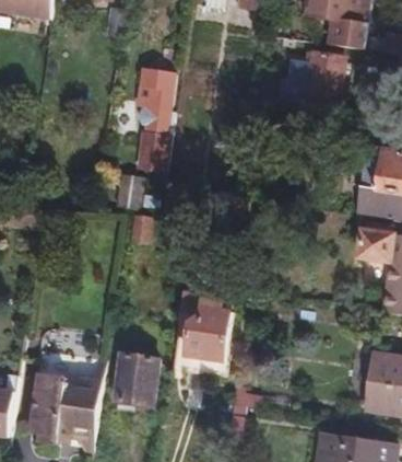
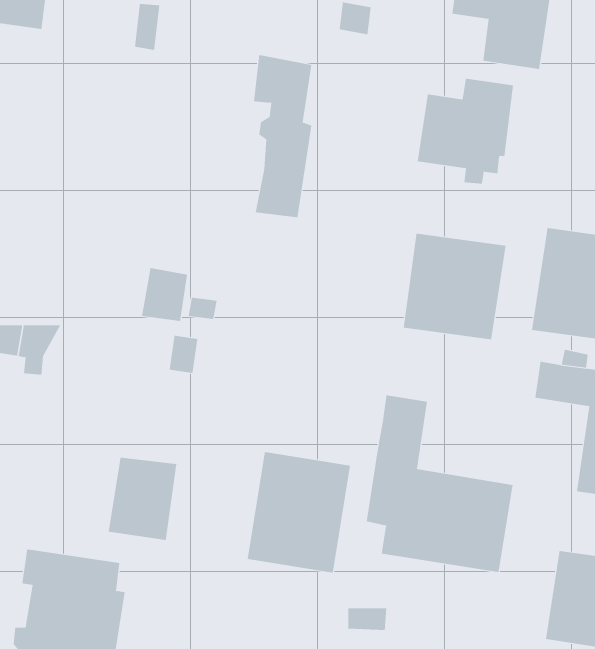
building: [135,66,173,169] -> [253,54,312,218]
building: none -> [403,233,506,340]
building: none -> [366,394,513,573]
building: [111,353,155,405] -> [108,457,177,540]

